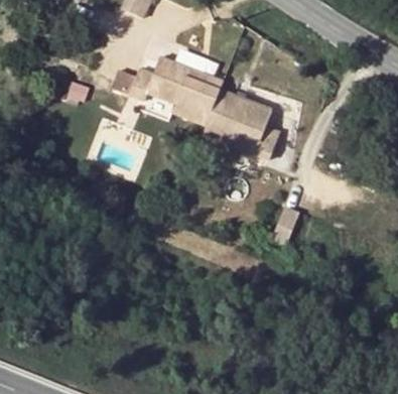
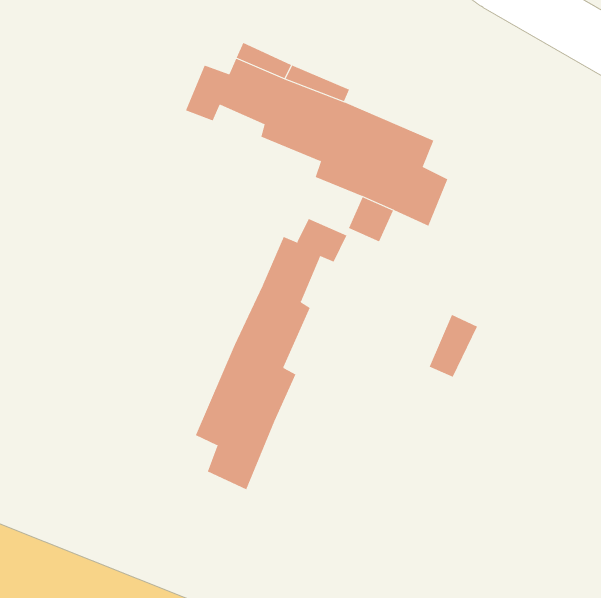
building: none -> [195,218,347,490]

